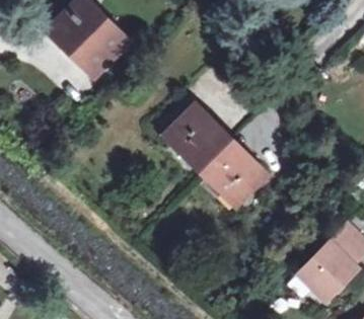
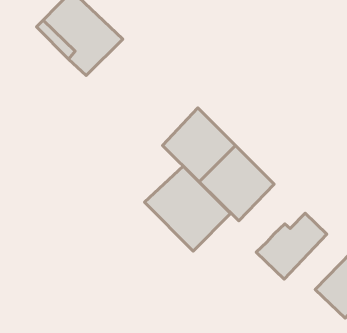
building: none -> [144,166,231,251]
building: none -> [256,213,327,279]

